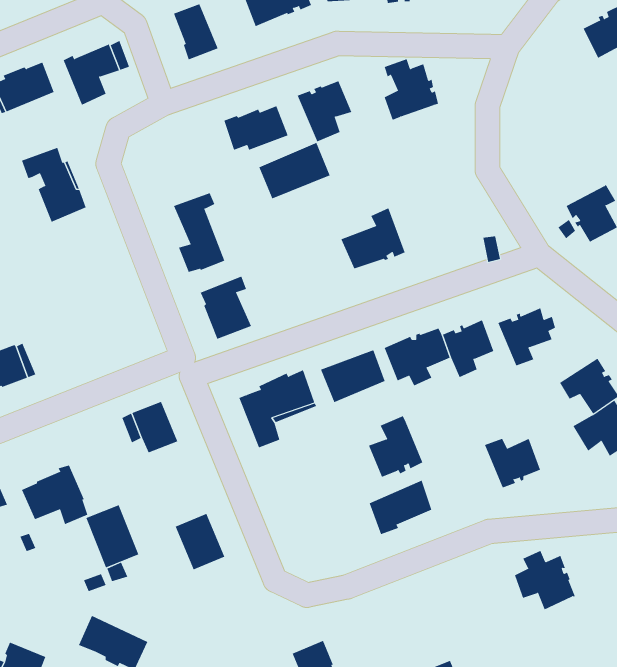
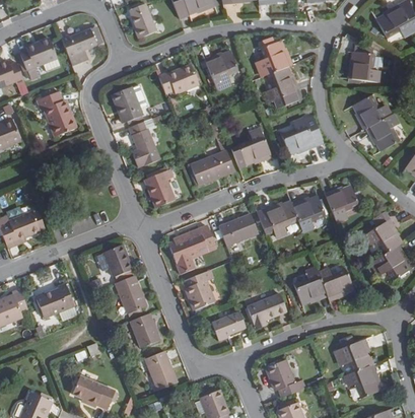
building: none -> [349,51,379,80]
building: none -> [267,66,301,107]
building: none -> [112,87,143,124]
building: [258,142,330,199] -> [191,150,234,185]
building: none -> [354,94,391,128]
building: none -> [281,116,322,152]
building: [368,416,423,477] -> [294,268,328,305]
building: none -> [186,273,215,309]
building: [86,505,139,568] -> [115,276,147,315]
building: none -> [212,311,246,340]
building: none -> [145,351,178,391]
building: none -> [266,360,299,398]
building: none -> [345,364,381,398]

